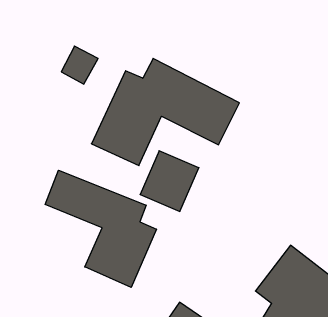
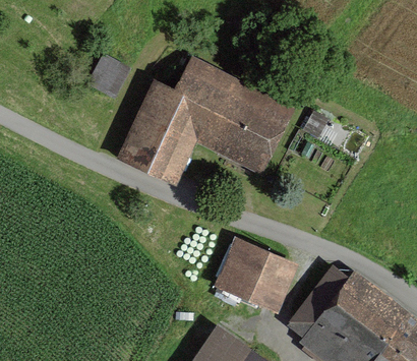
building: [140,151,199,211] -> [219,238,282,303]
building: [45,170,156,287] -> none

